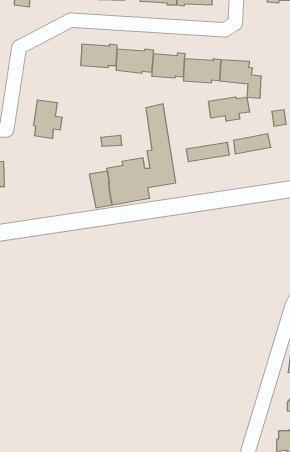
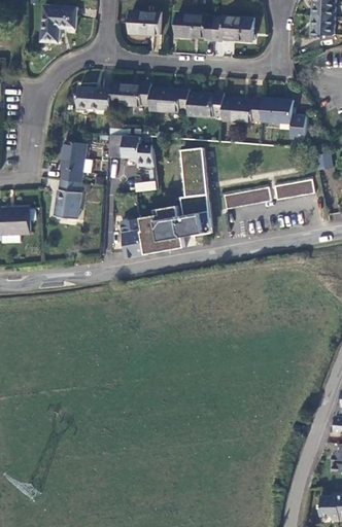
building: none -> [77,86,111,109]
building: none -> [108,135,153,165]
building: [208,97,249,121] -> none
building: none -> [54,179,80,218]

